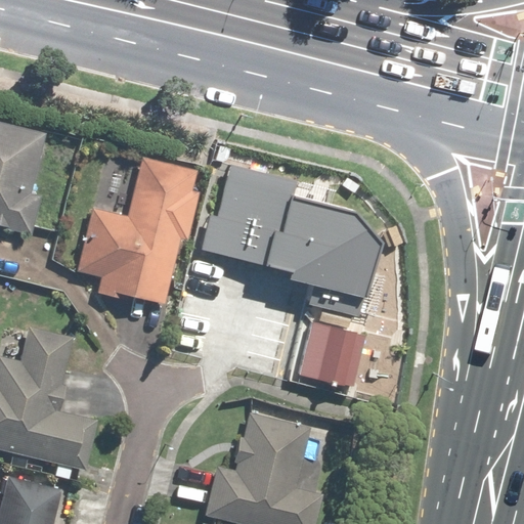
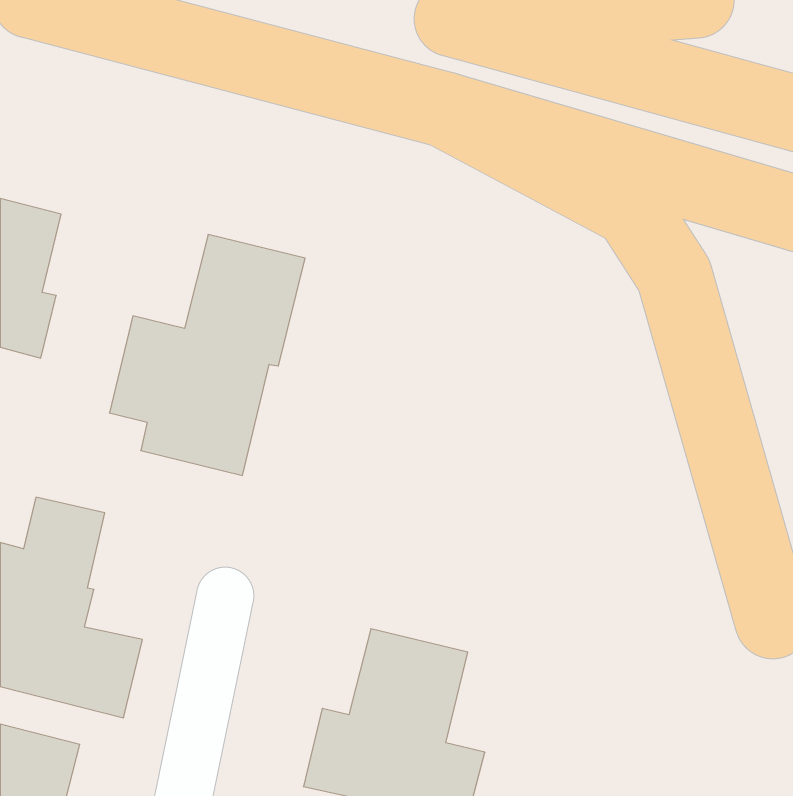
building: [200,162,380,308] -> none
building: [297,322,364,390] -> none

